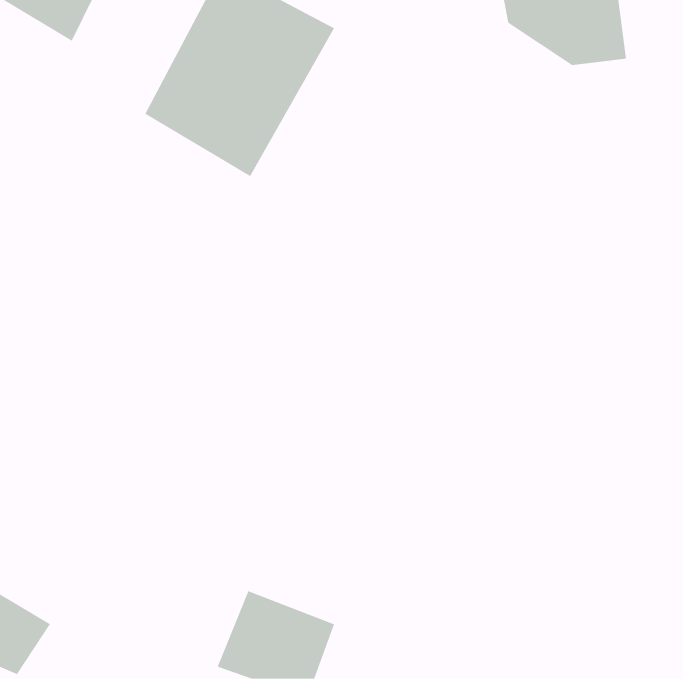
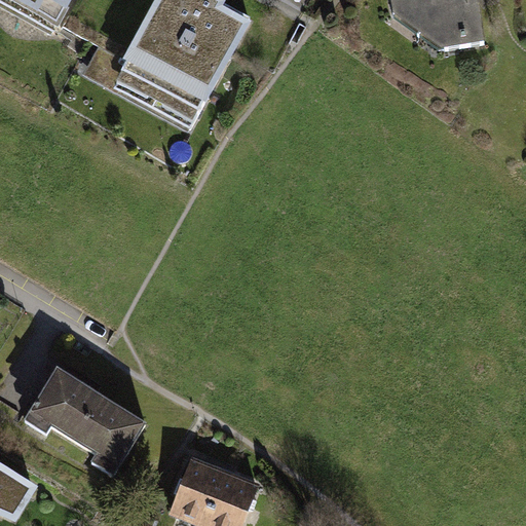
building: none -> [21,363,143,471]

